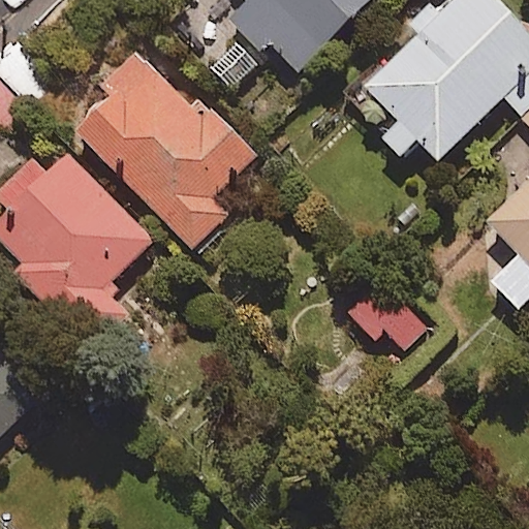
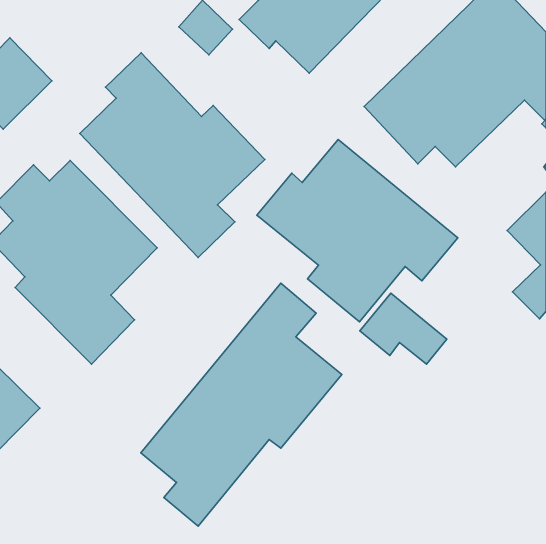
building: none -> [257,139,458,322]
building: none -> [141,283,342,526]

